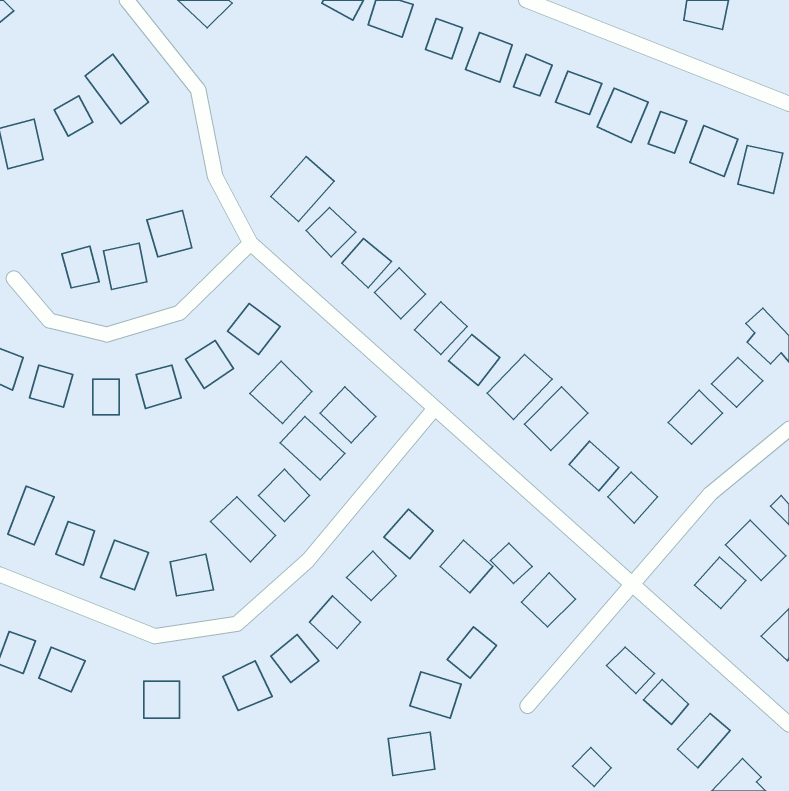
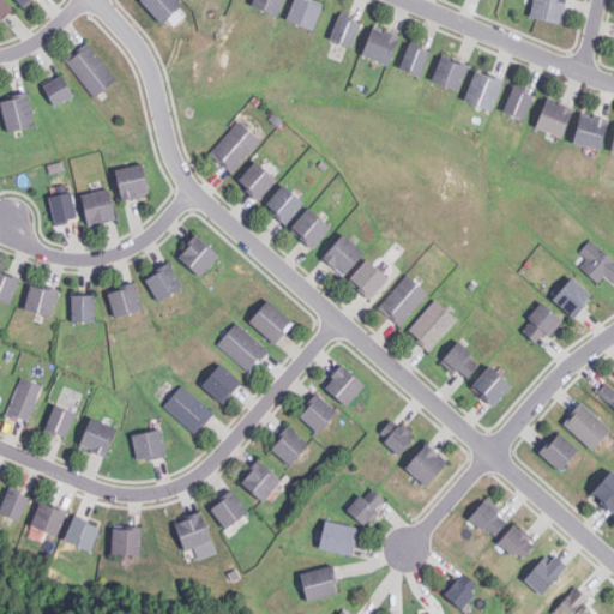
building: [250,361,312,423] -> none
building: [440,540,493,593] -> [323,365,363,405]
building: none -> [65,514,98,550]

